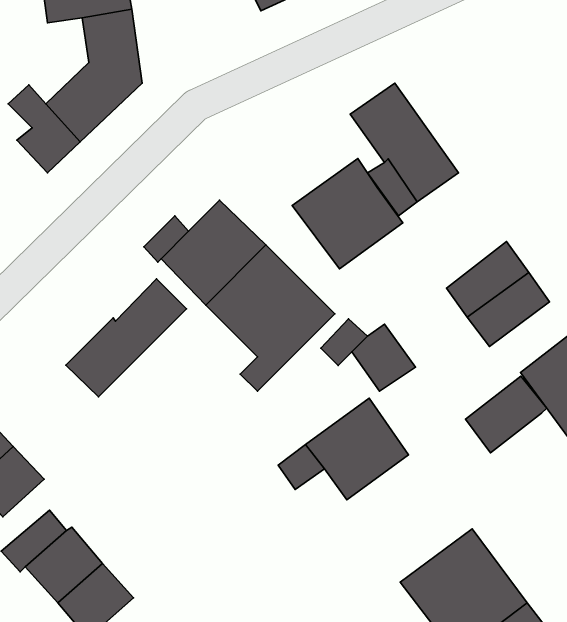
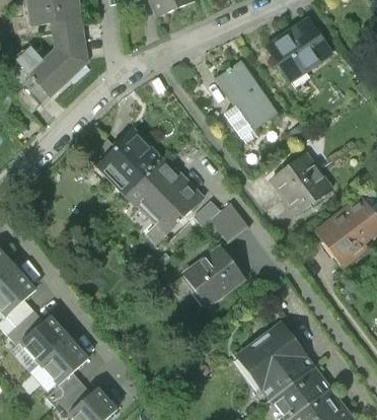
building: none -> [267,18,330,80]
building: [292,158,403,269] -> none
building: [66,279,186,397] -> none
building: [465,376,547,453] -> none

